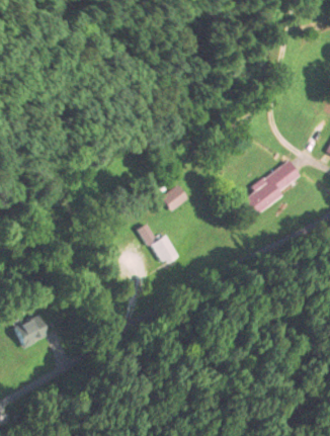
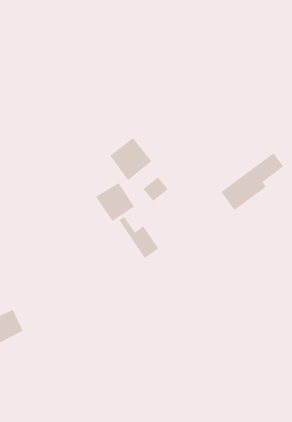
building: none -> [109,137,152,181]
building: none -> [95,182,135,222]

